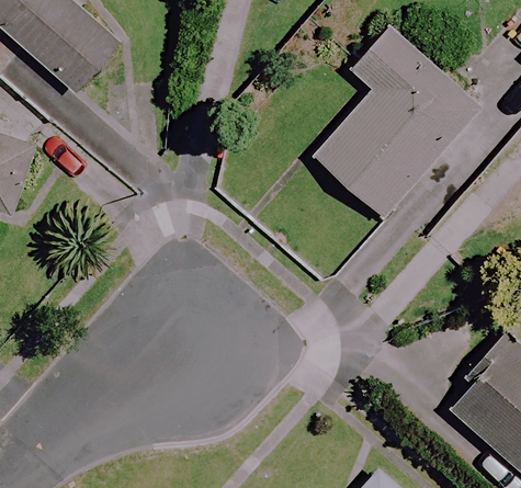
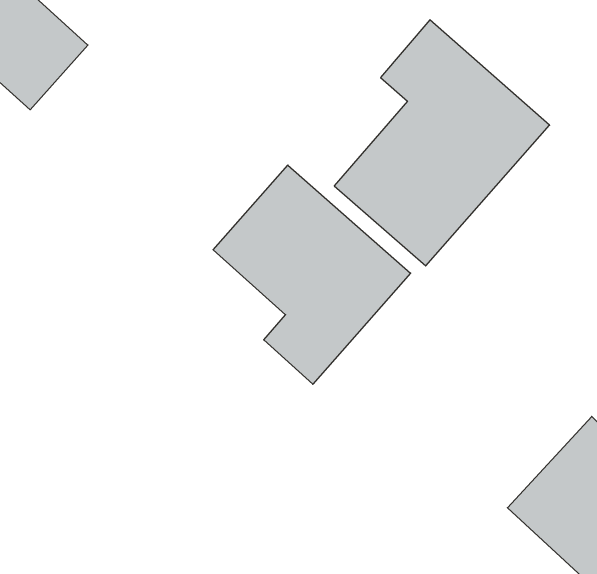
building: none -> [213,165,411,384]

